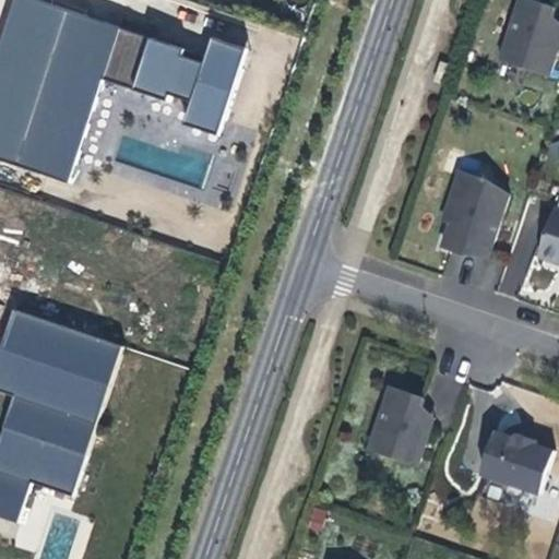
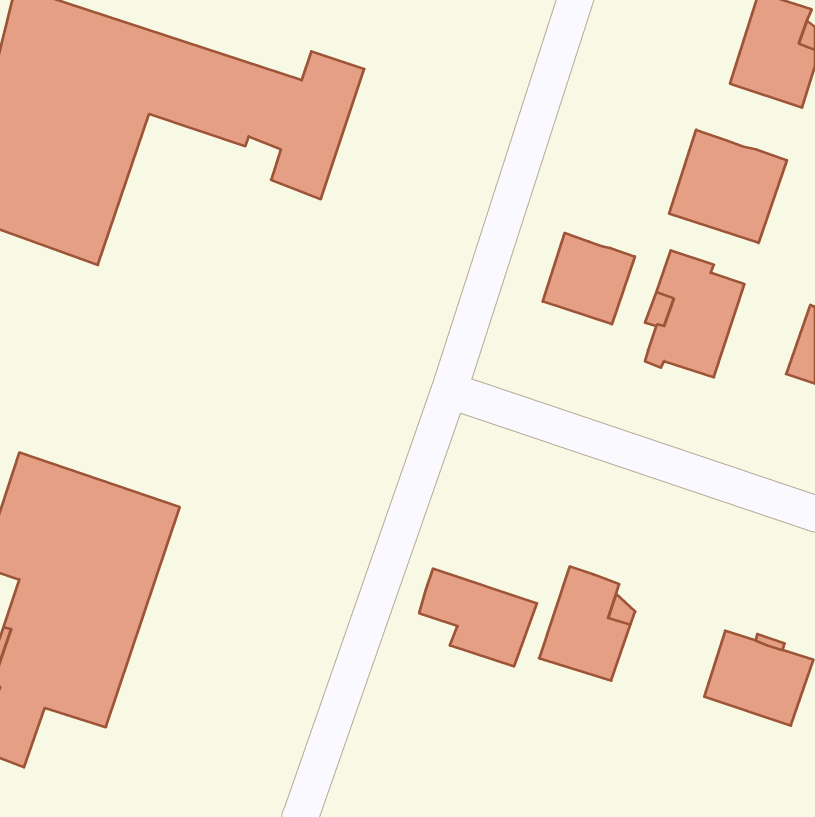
building: none -> [669,130,787,243]
building: none -> [543,233,635,324]
building: none -> [419,569,537,666]

